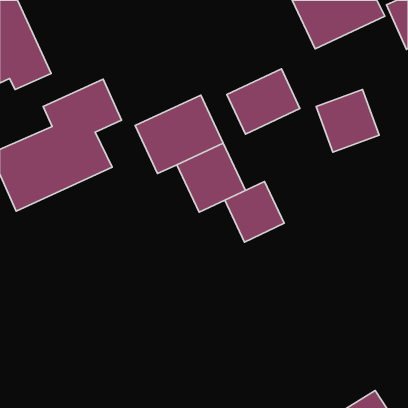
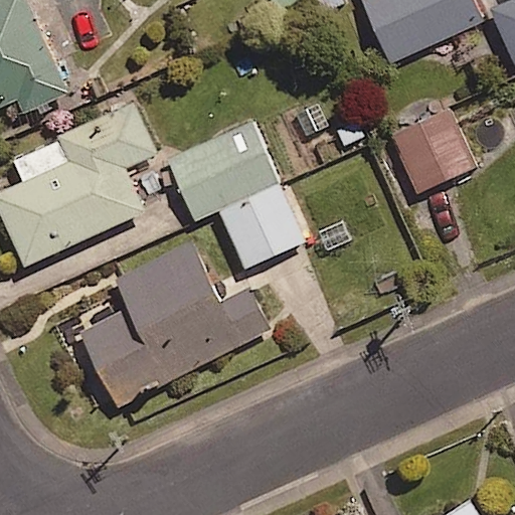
building: [227,69,300,134] -> none
building: [225,181,284,242] -> none
building: none -> [77,240,268,406]

